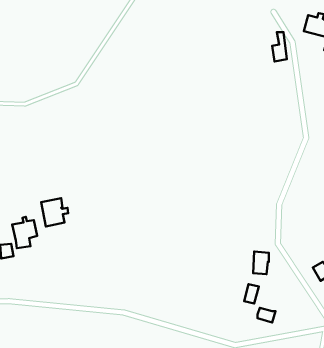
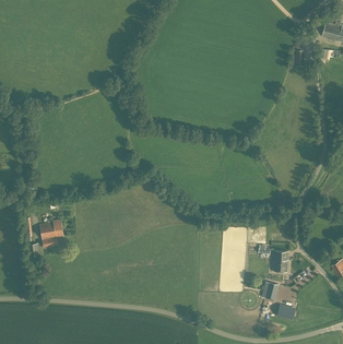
building: [41,198,68,227] -> none

